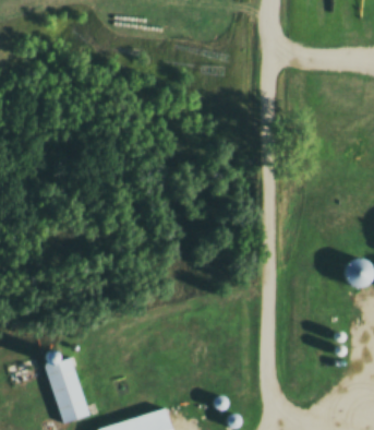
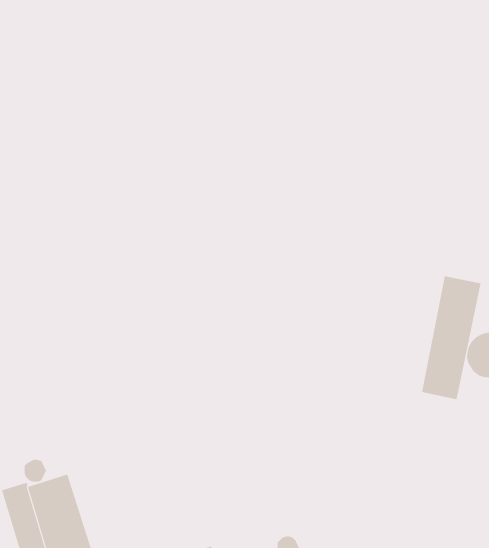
building: none -> [422,275,481,400]

